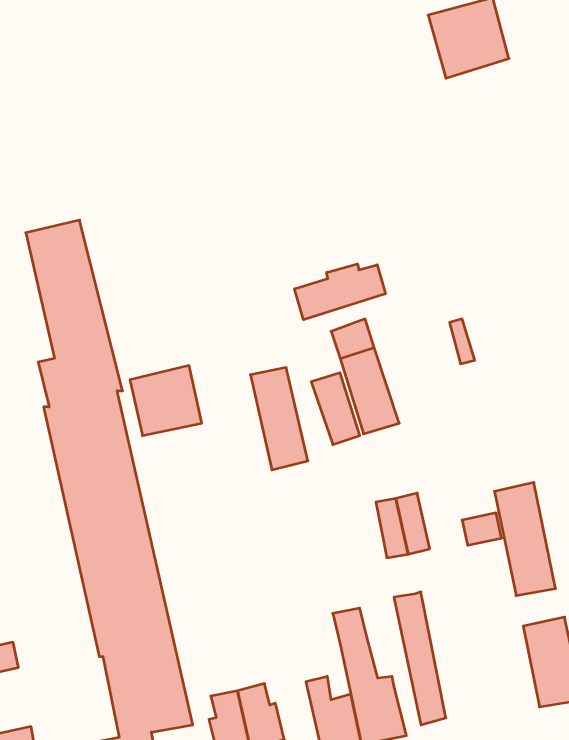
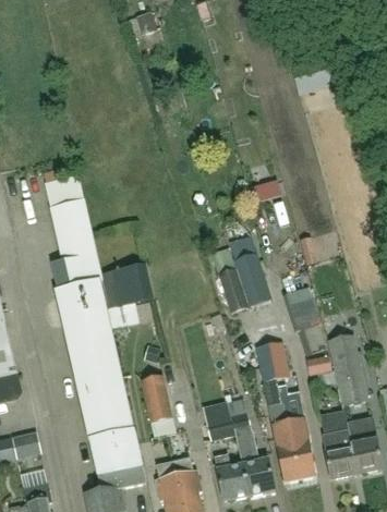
building: [295,264,385,320] -> none
building: [250,368,308,470] -> [141,375,176,437]
building: none -> [285,285,321,329]
building: none -> [279,393,316,477]
building: none -> [202,401,234,438]
building: none -> [319,409,355,476]

